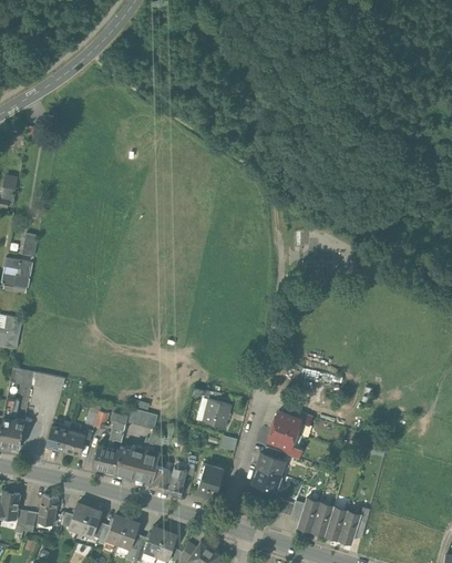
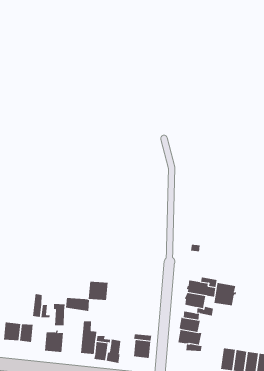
building: [203,400,230,427] -> [88,281,108,301]
building: none -> [214,282,236,306]
building: [114,446,143,478] -> none

